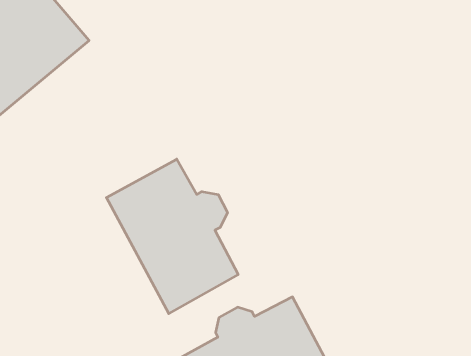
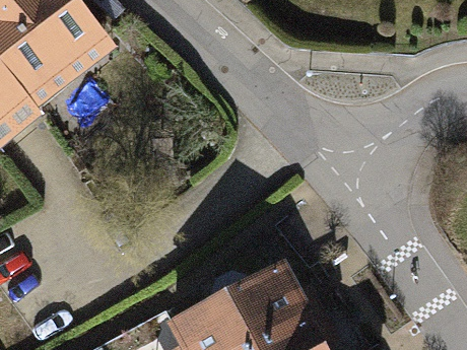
building: [106,159,238,314] -> none

